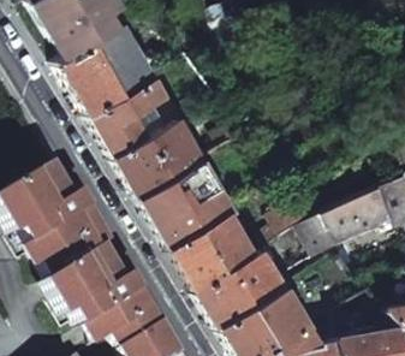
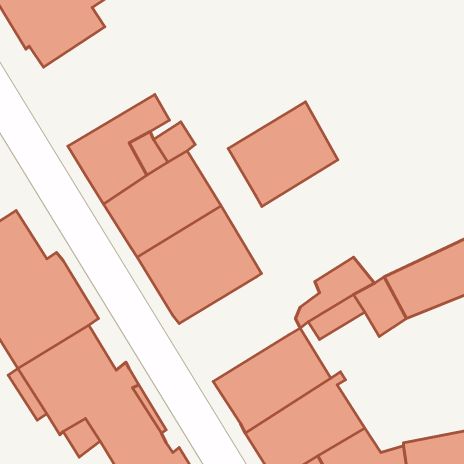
building: [58,20,154,112] -> none
building: [172,209,254,287] -> [228,102,338,207]

